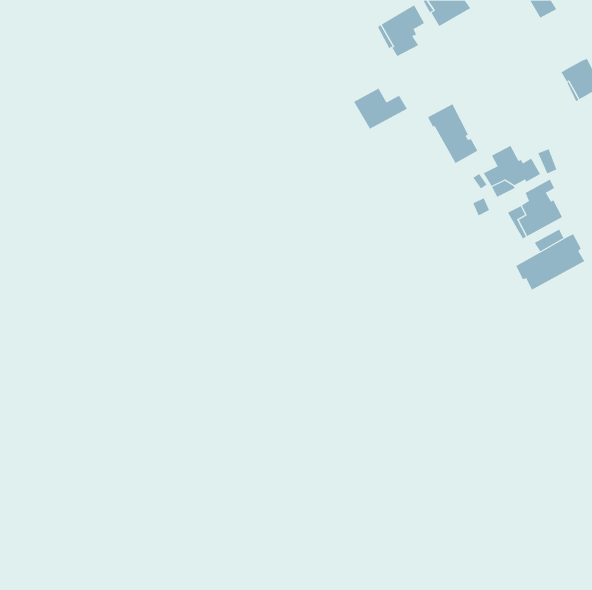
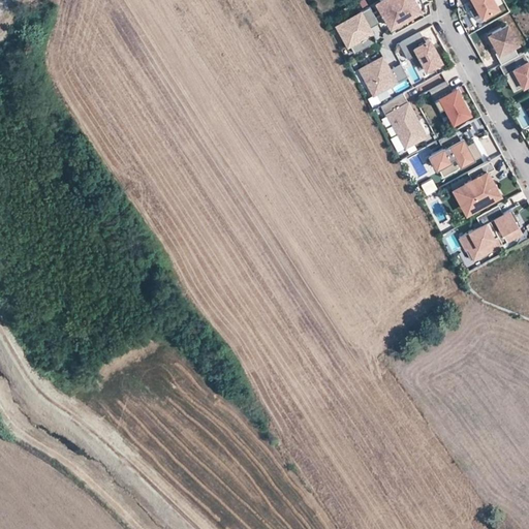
building: none -> [490,27,519,66]
building: none -> [400,34,442,71]
building: [353,88,408,130] -> [360,58,408,95]
building: none -> [430,84,470,125]

